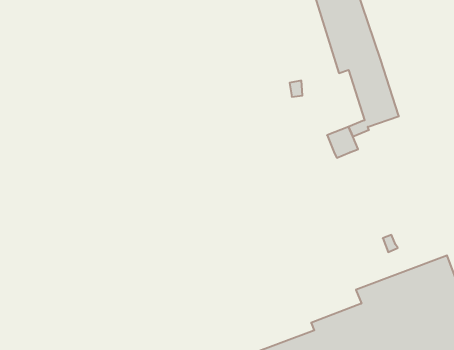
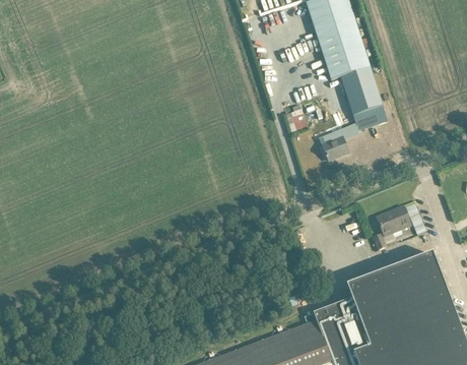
building: none -> [377,203,413,234]

